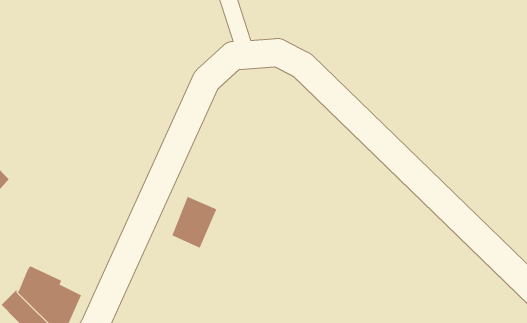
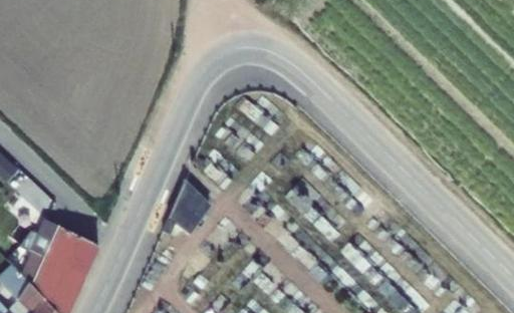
building: none -> [17,220,96,279]

